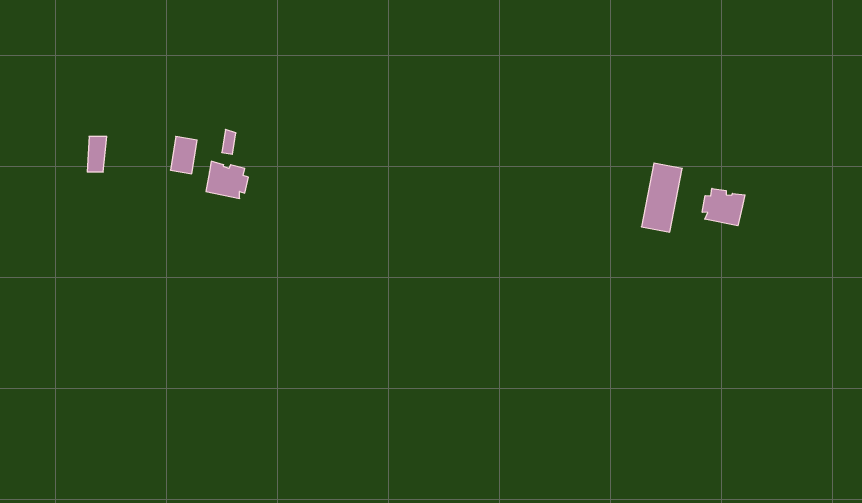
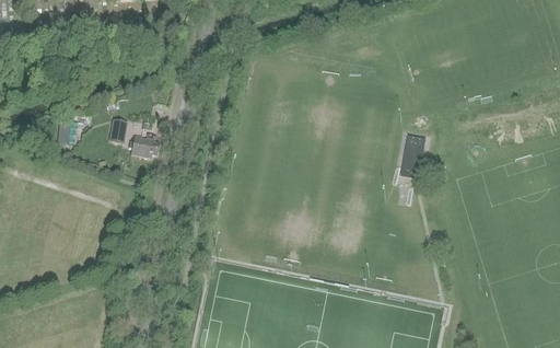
building: [702,188,745,226] -> none

